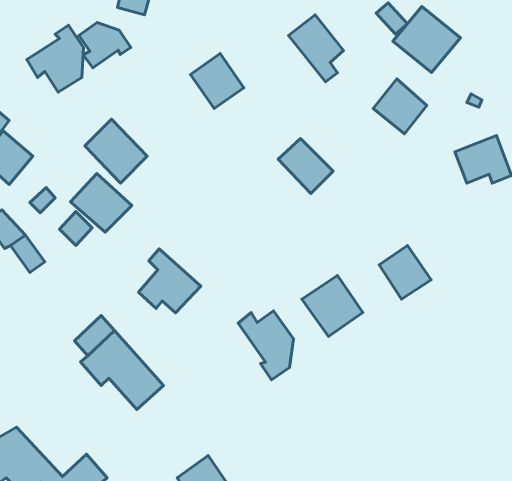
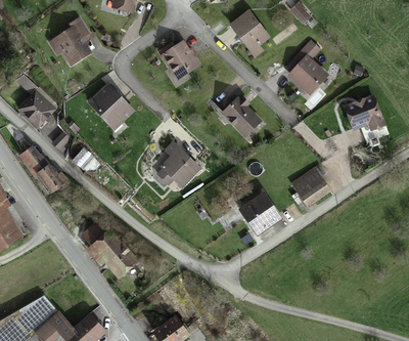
building: [393,7,460,73] -> none
building: [79,22,131,68] -> none
building: [70,173,132,232] -> none
building: [138,249,201,313] -> [157,141,200,185]
building: [238,311,293,380] -> none

